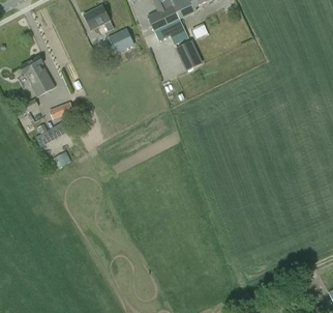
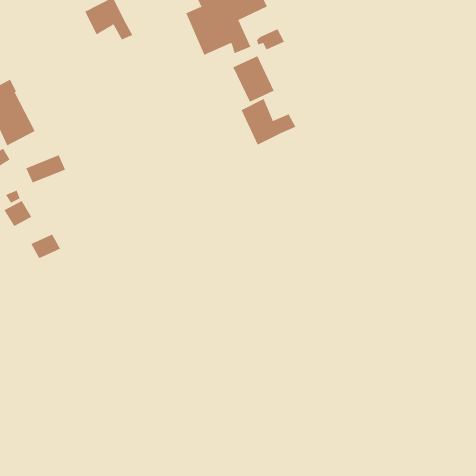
building: [108,27,134,53] -> none
building: none -> [241,98,296,145]

